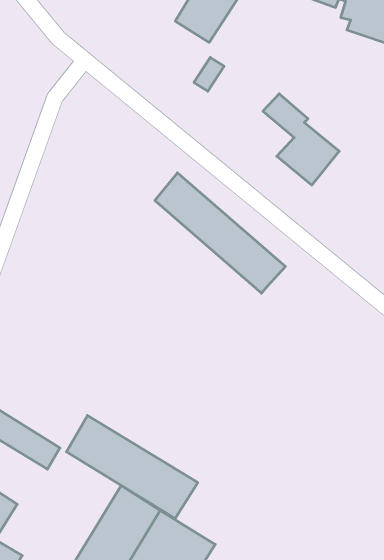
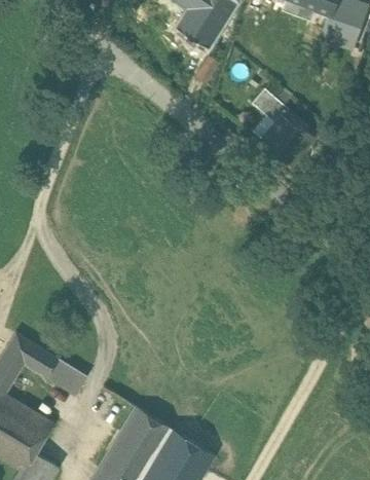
building: [155,173,285,293] -> none
building: [66,415,198,519] -> none

